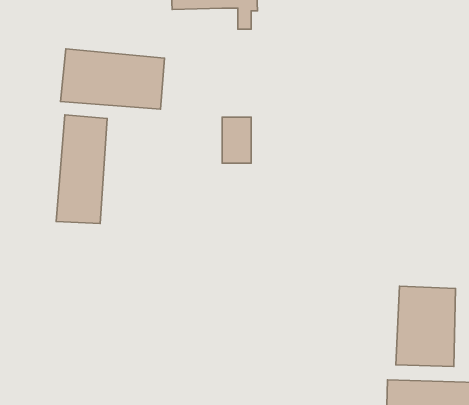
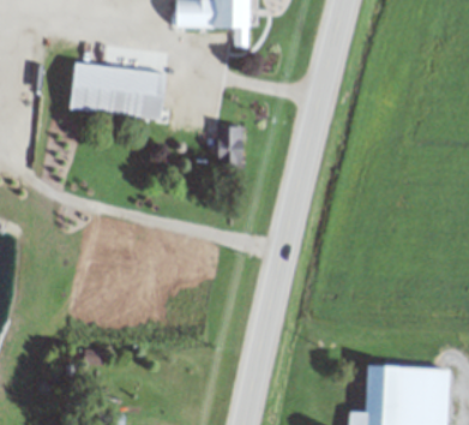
building: [56,115,107,224] -> none
building: [396,286,456,367] -> none

